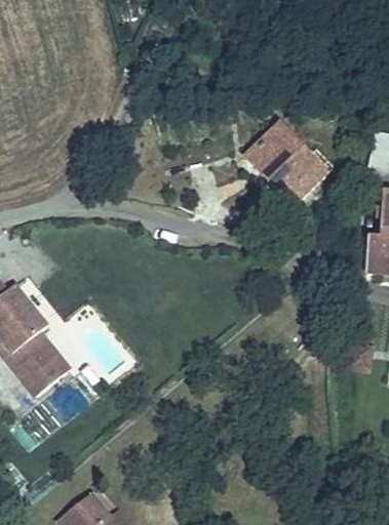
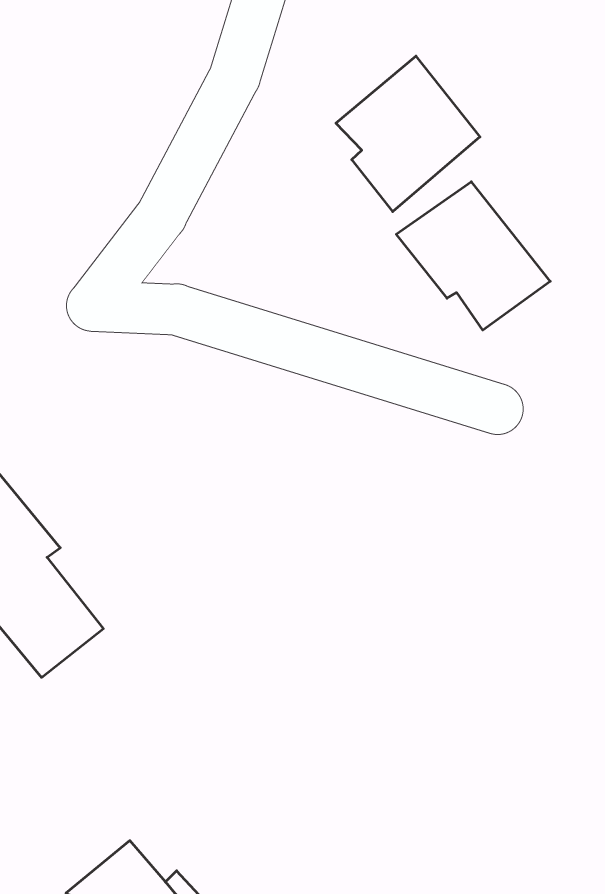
building: none -> [336,56,480,212]

